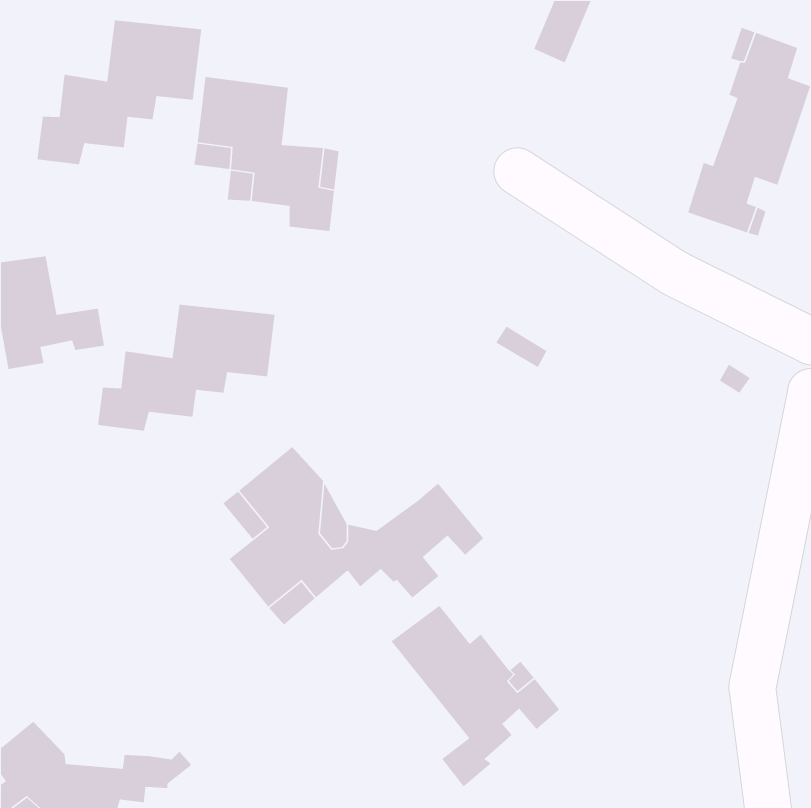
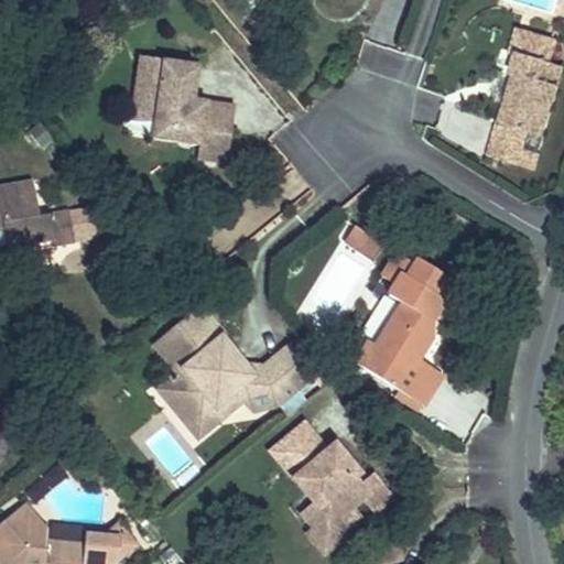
building: [37,20,202,165] -> none
building: [97,304,275,431] -> none
building: none -> [355,253,465,401]

